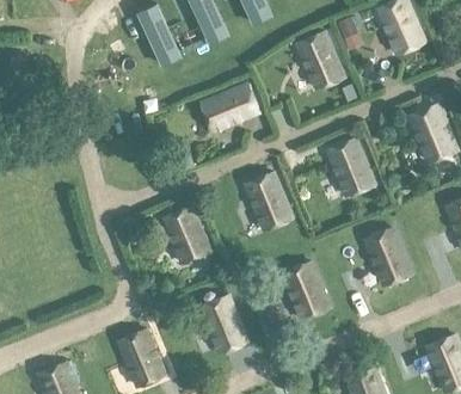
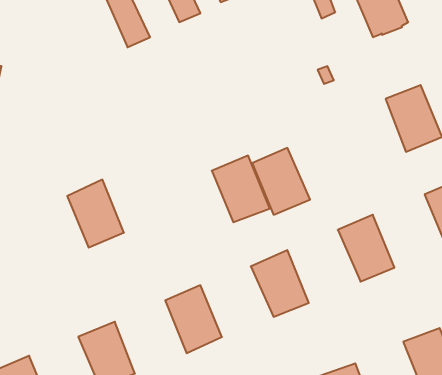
building: [293,29,346,91] -> none
building: [197,81,259,135] -> none
building: [322,135,377,198] -> [252,148,310,215]
building: [159,202,213,266] -> [67,180,124,248]

